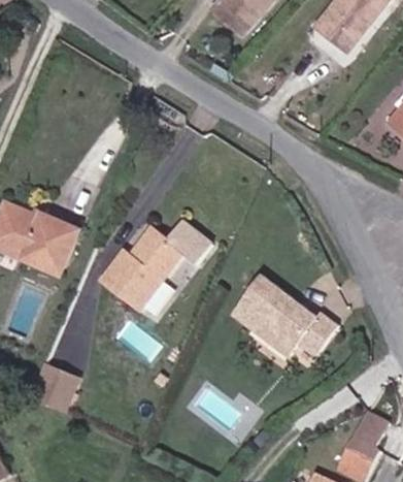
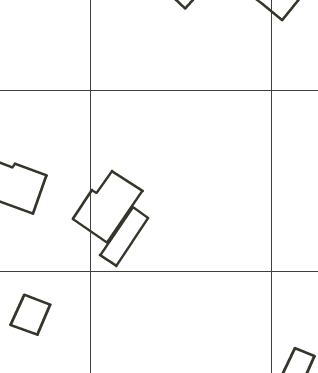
building: [230,285,334,359] -> none

